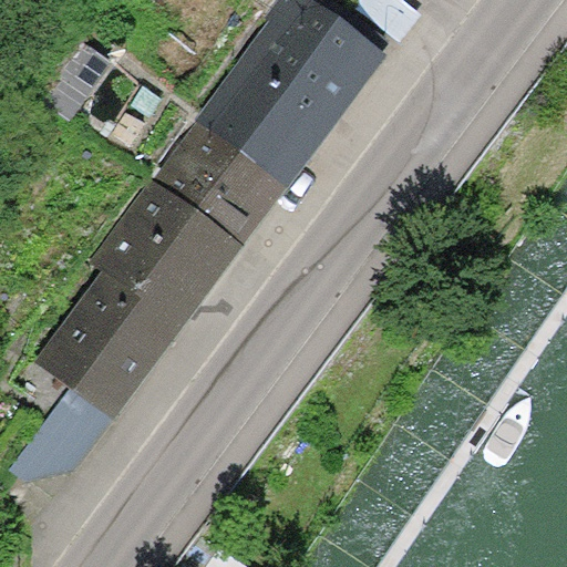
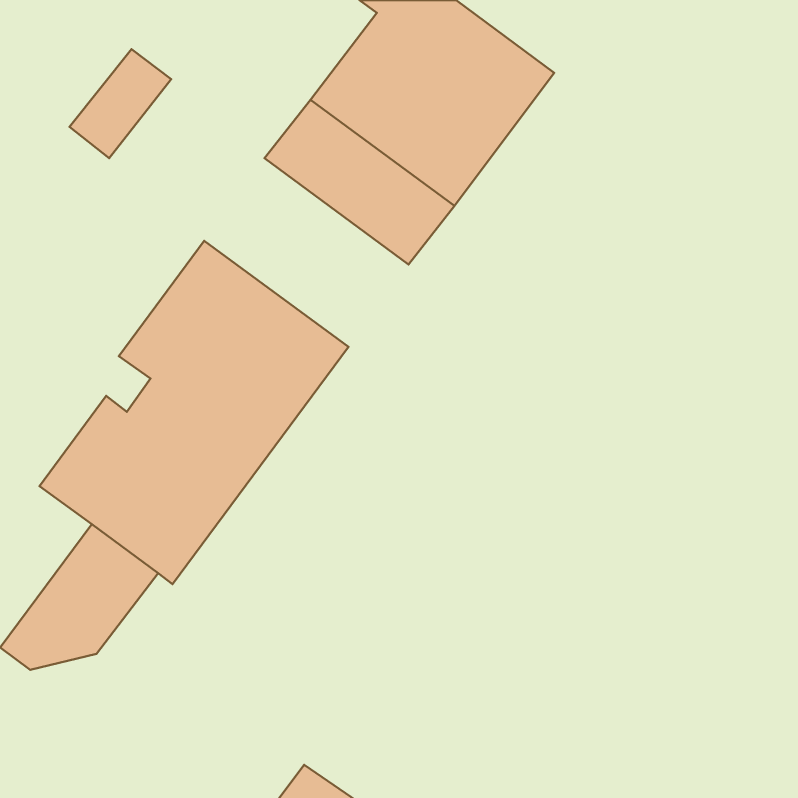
building: [143,118,286,250] -> none

